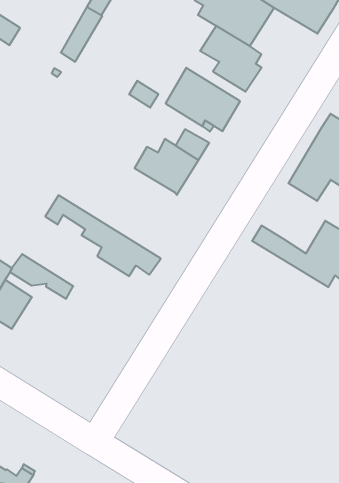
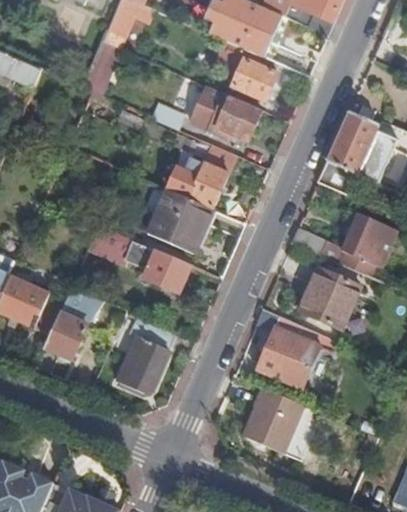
building: none -> [142,185,211,252]
building: none -> [300,267,361,328]
building: none -> [118,314,176,392]
building: none -> [257,308,319,388]
building: none -> [243,388,305,453]

